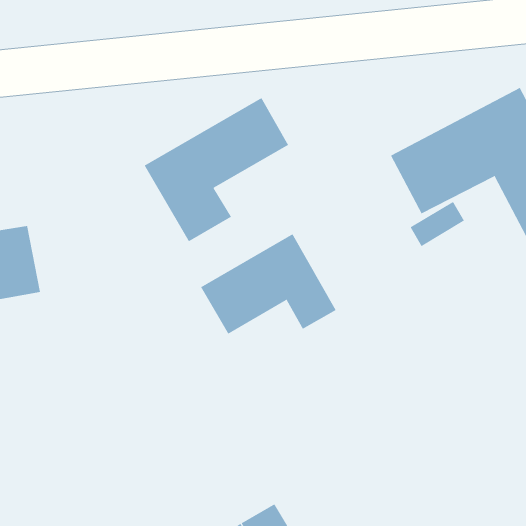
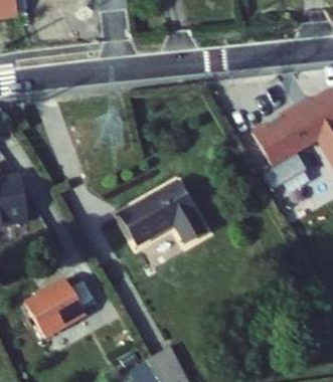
building: [144,97,289,242] -> none
building: none -> [16,276,81,340]

